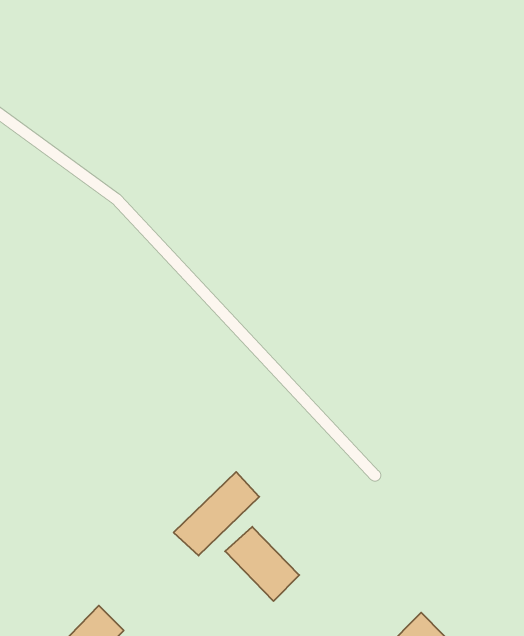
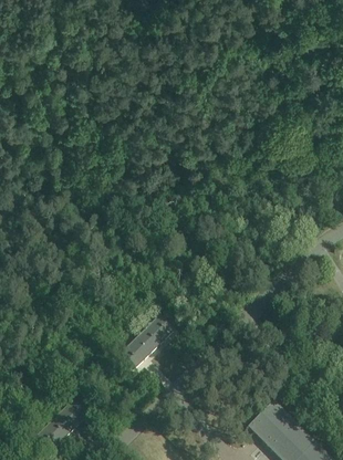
building: [225,527,299,601] -> none

